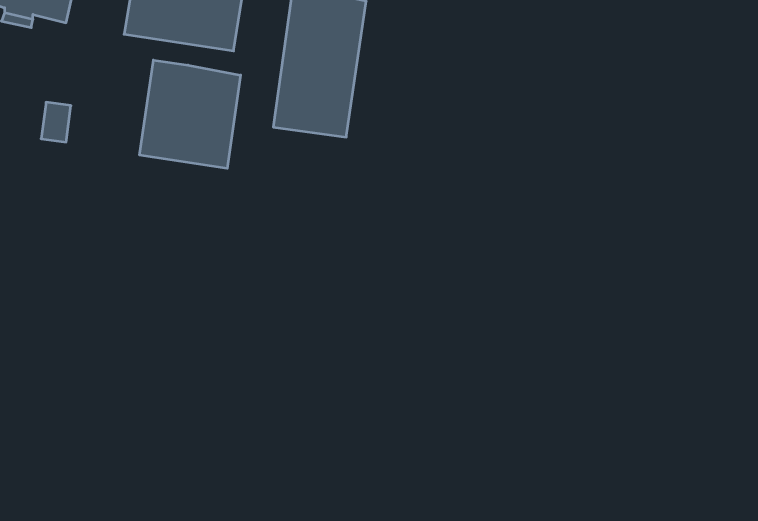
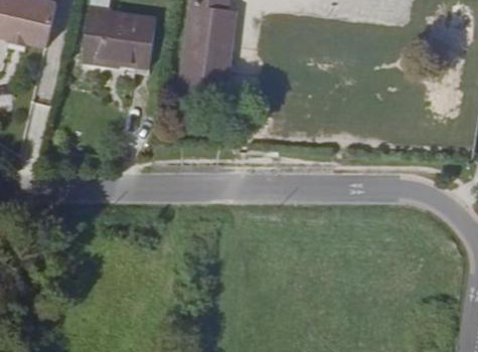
building: [140,60,241,168] -> none

